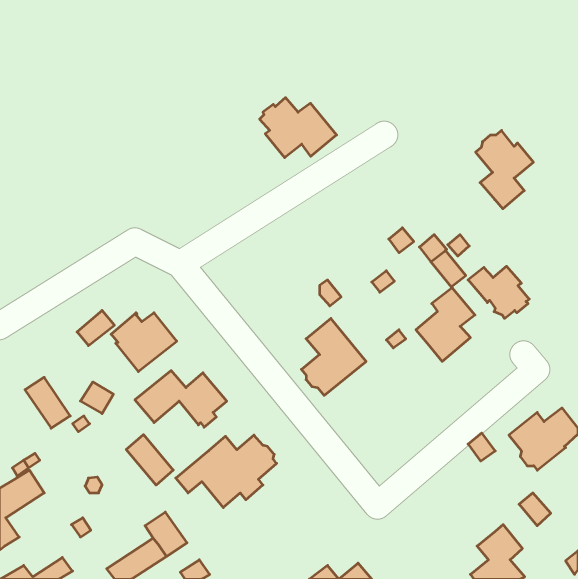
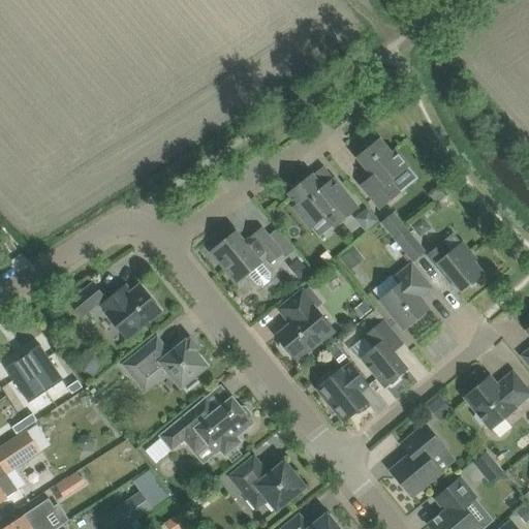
building: [260,98,337,158] -> [287,174,357,228]
building: [476,130,533,209] -> [355,137,408,209]
building: none -> [210,227,282,284]
building: none -> [361,319,407,386]
building: none -> [5,355,46,403]
building: none -> [317,362,369,421]
building: [126,435,173,485] -> none
building: none -> [391,425,441,496]
building: none -> [229,457,305,510]

